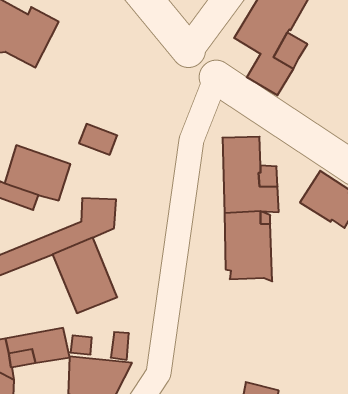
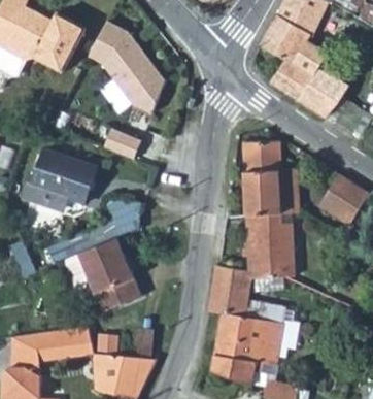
building: none -> [86,20,165,112]
building: none -> [297,64,347,117]
building: none -> [209,264,282,384]

